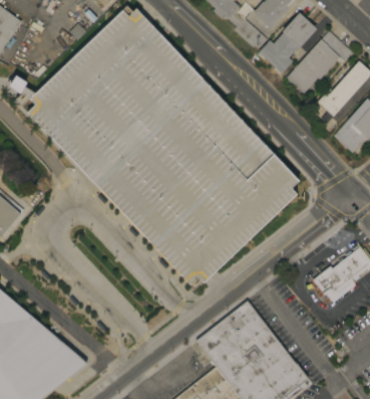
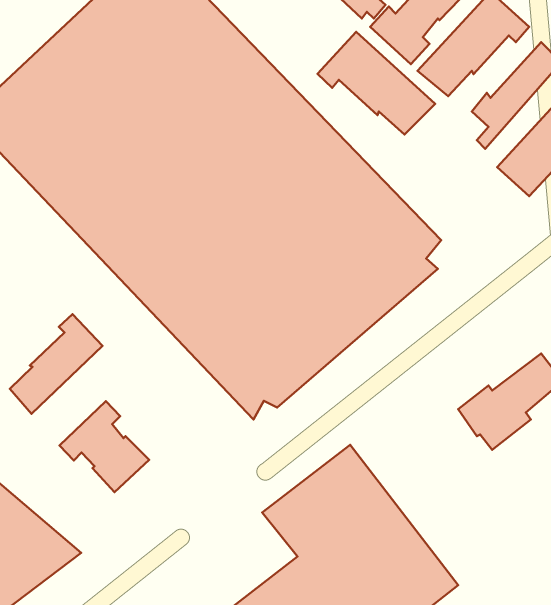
building: none -> [317,32,435,134]
building: none -> [10,314,103,414]
building: none -> [59,401,149,492]

